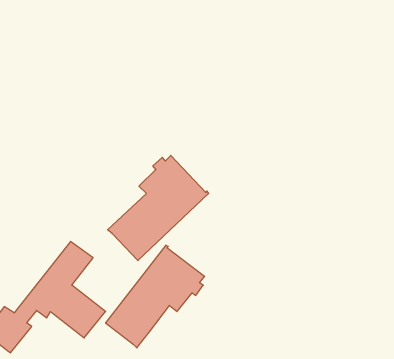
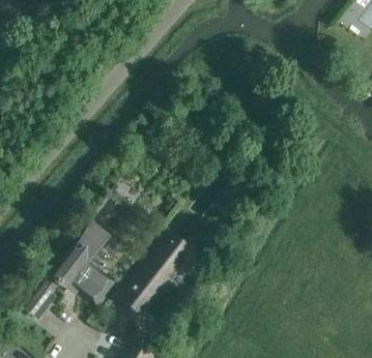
building: [108,155,209,261] -> none

